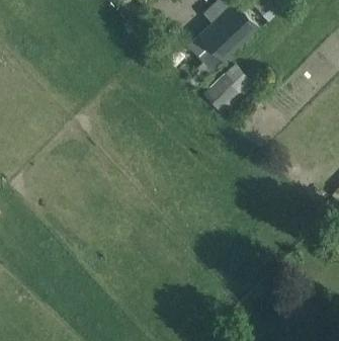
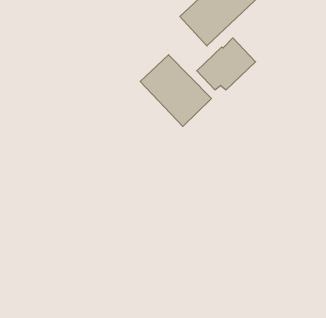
building: none -> [140,55,211,126]

